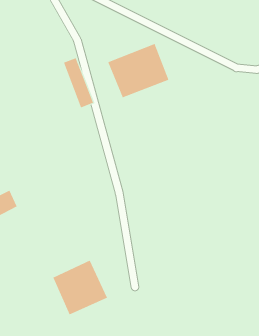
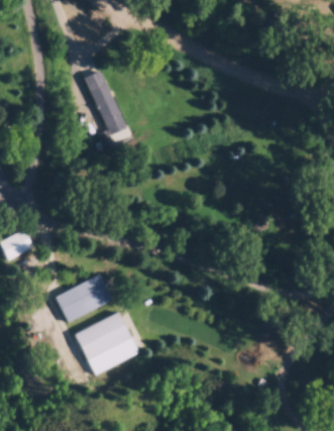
building: [108,43,169,98] -> none
building: none -> [54,275,113,323]

